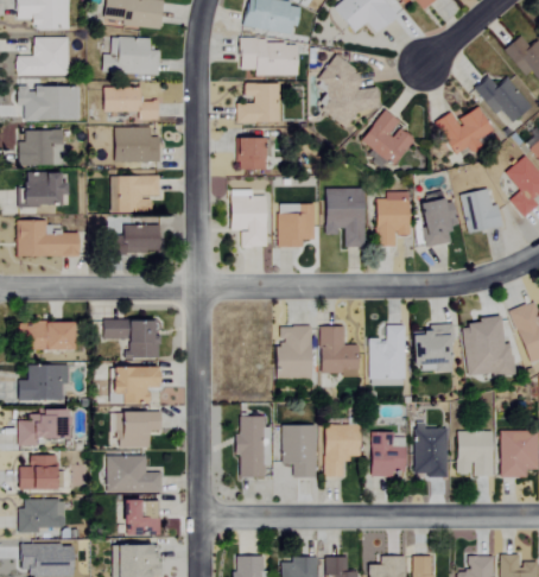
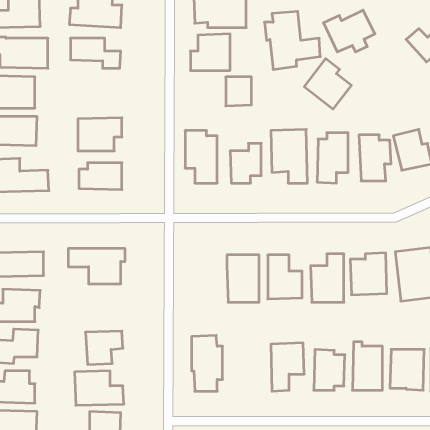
building: [437,106,494,152] -> [323,10,375,52]
building: [114,126,161,164] -> none
building: [237,138,266,170] -> [226,77,251,106]
building: [110,366,158,402] -> none
building: [283,425,318,477] -> none

